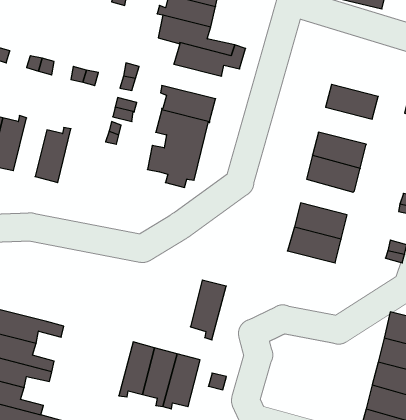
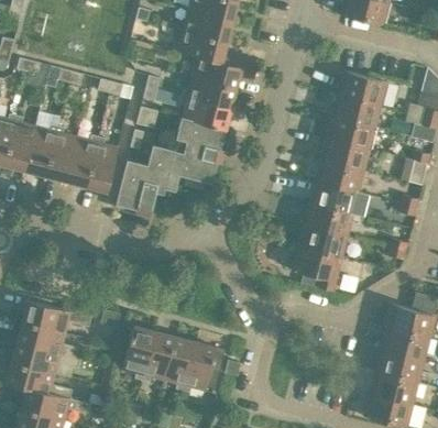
building: none -> [338,70,387,106]
building: none -> [182,76,237,108]
building: none -> [326,116,375,150]
building: none -> [45,125,76,179]
building: none -> [86,135,118,190]
building: none -> [116,145,179,216]
building: none -> [309,182,370,217]
building: none -> [292,248,341,290]
building: [190,280,226,340] -> [122,326,155,381]

